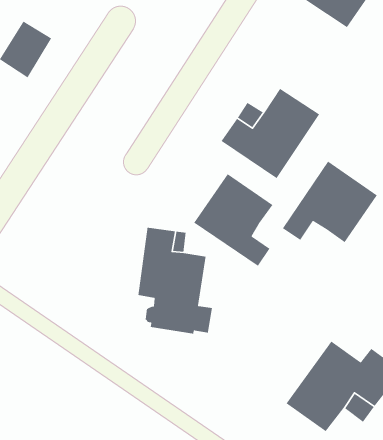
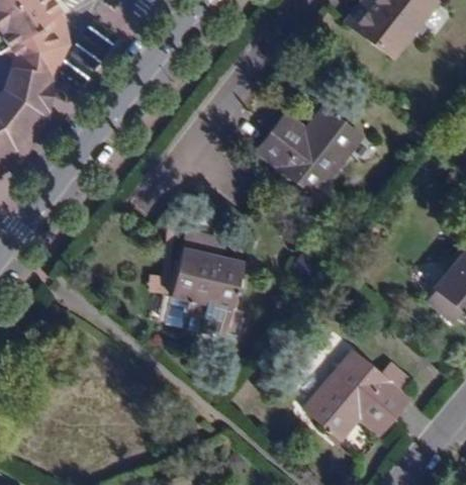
building: [282,161,378,243] -> none
building: [193,173,273,267] -> none

